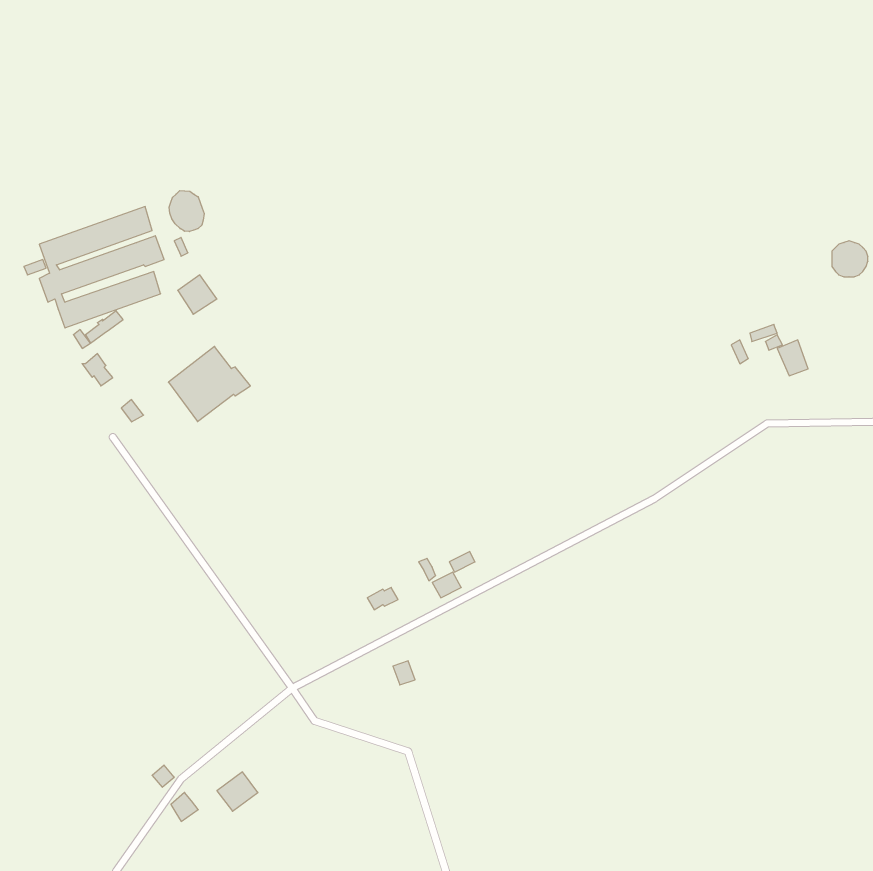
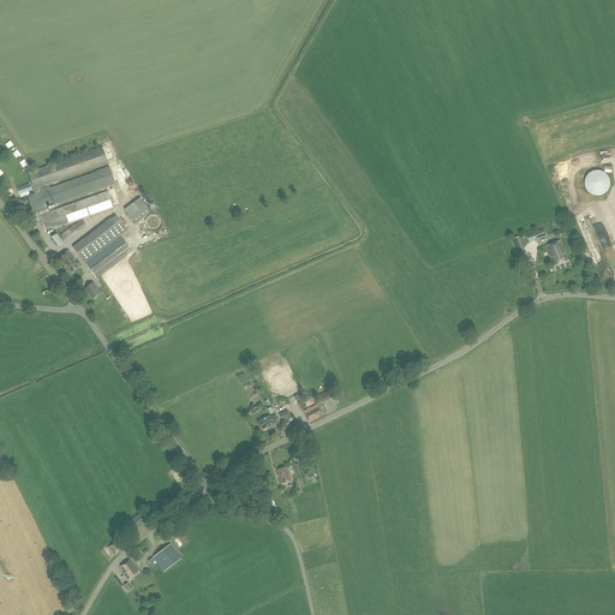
building: [169,191,204,232] -> none
building: [168,346,250,422] -> [73,221,131,274]

